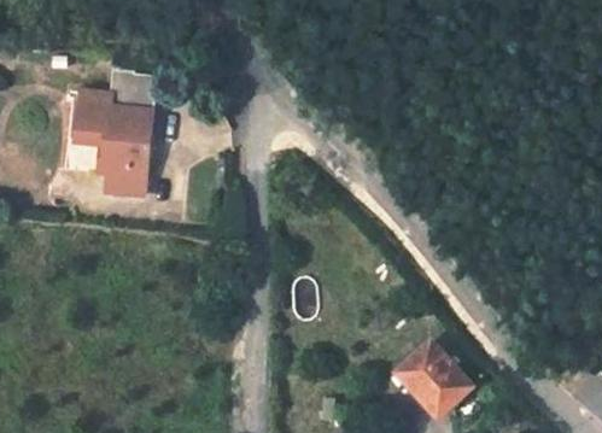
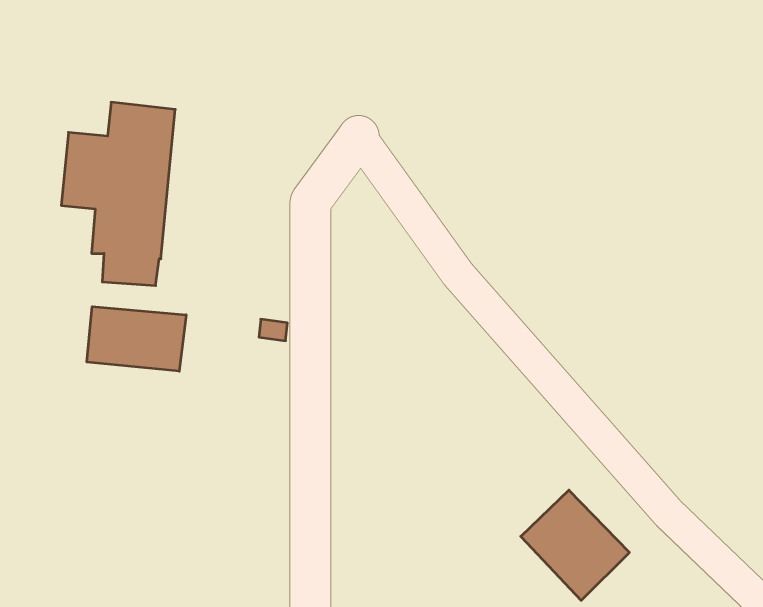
building: none -> [87,307,186,371]

